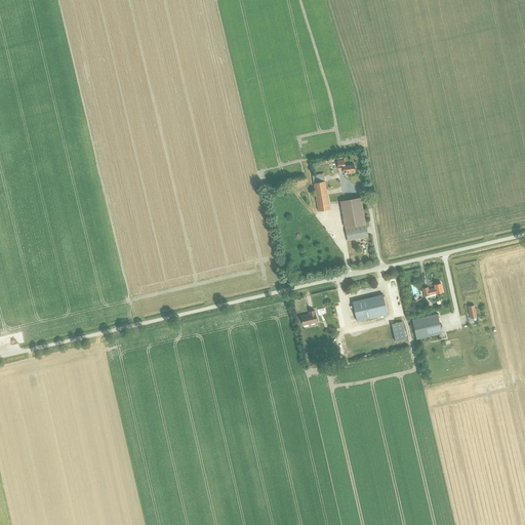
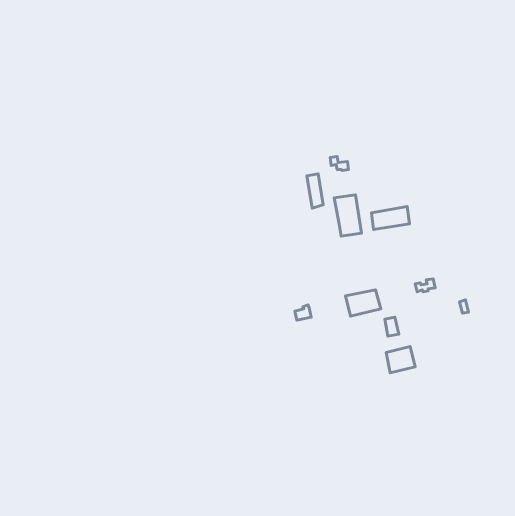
building: none -> [371,207,409,229]
building: [411,313,441,339] -> [386,347,415,373]

